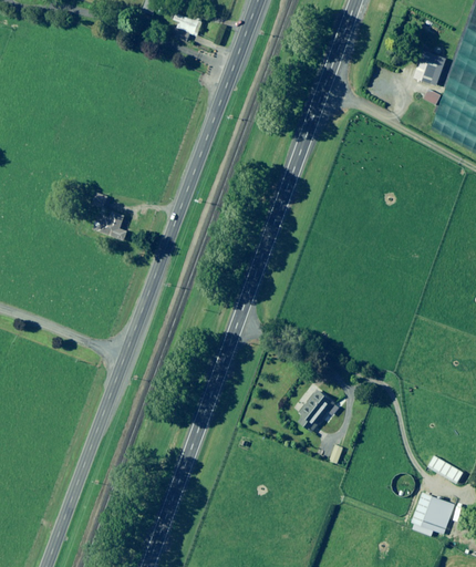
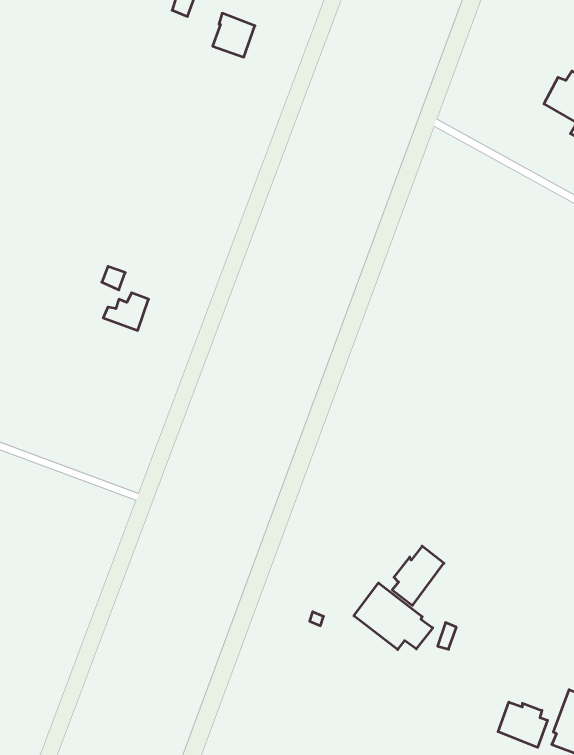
building: none -> [354,583,433,650]
building: none -> [498,702,548,747]

